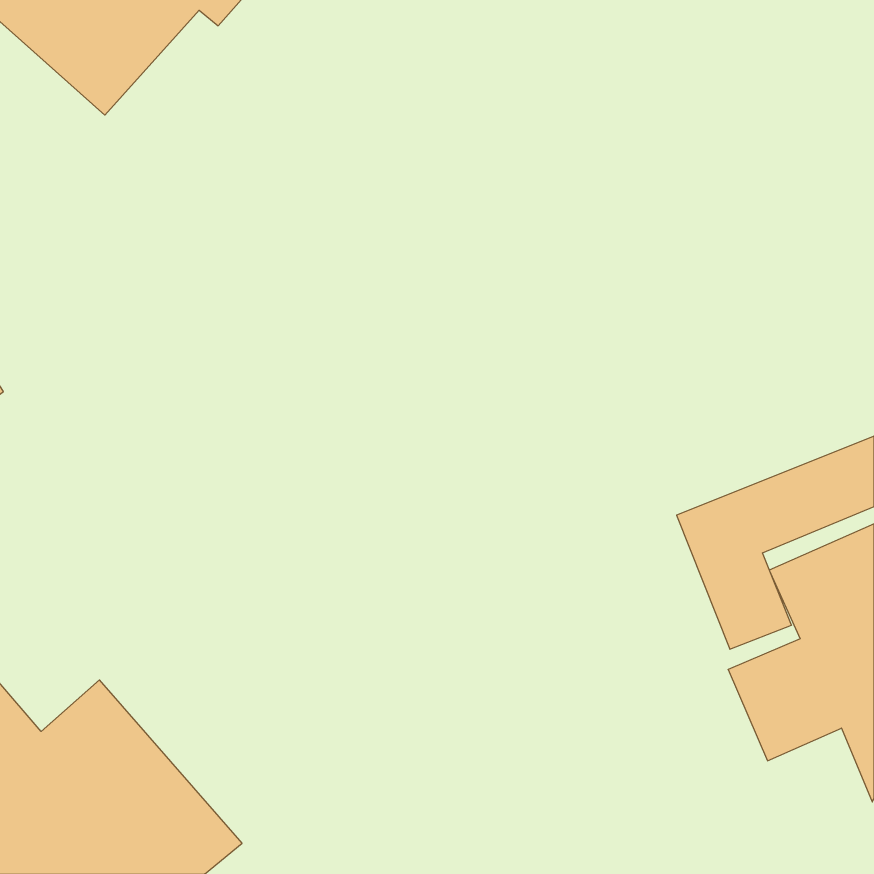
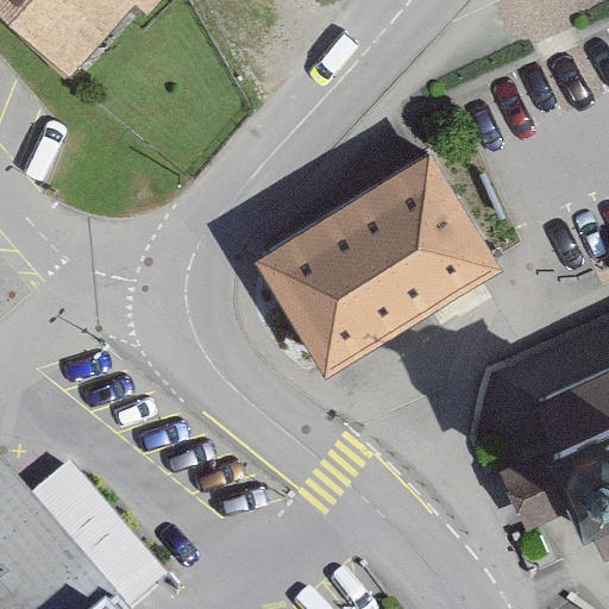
building: none -> [262,151,502,370]

